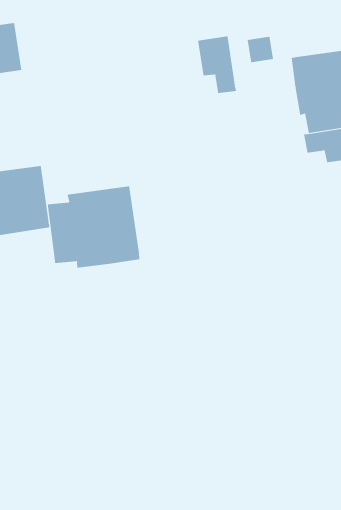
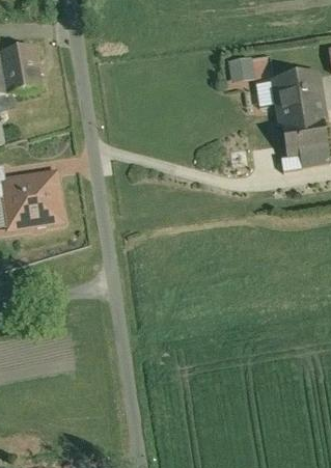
building: [197,36,237,94] -> none
building: [47,186,140,268] -> none

